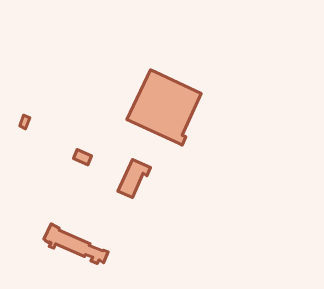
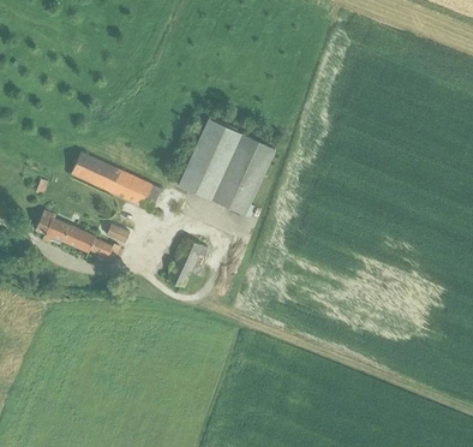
building: none -> [70,151,161,210]
building: [44,224,108,264] -> [34,209,119,262]

